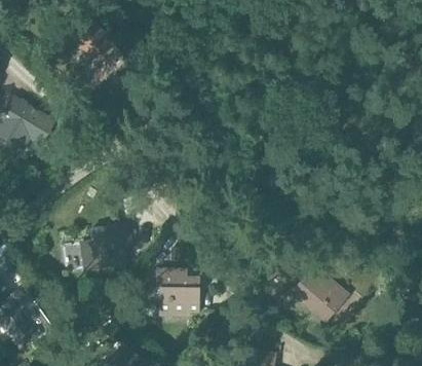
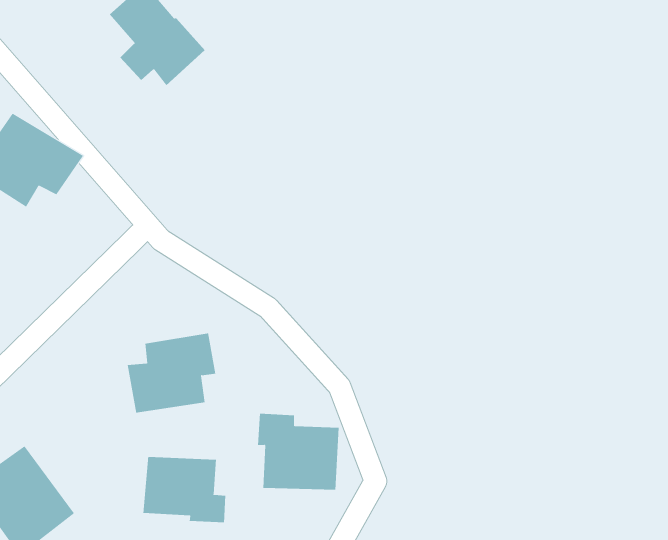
building: [290,264,349,323] -> none
building: none -> [143,456,226,523]

